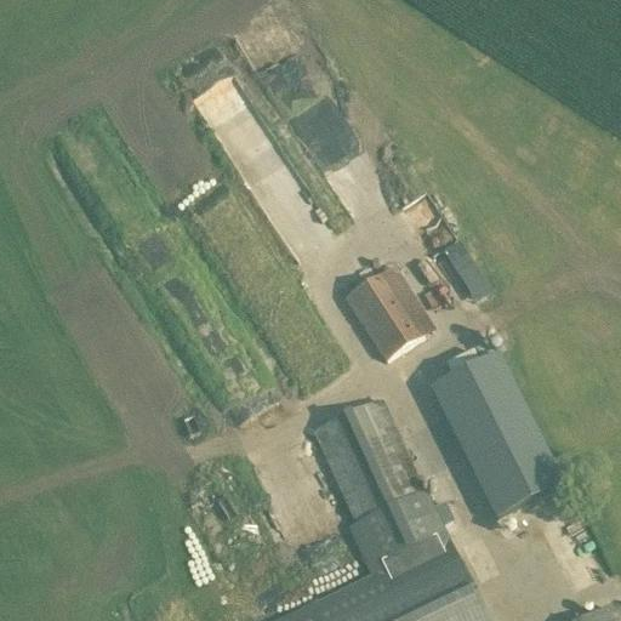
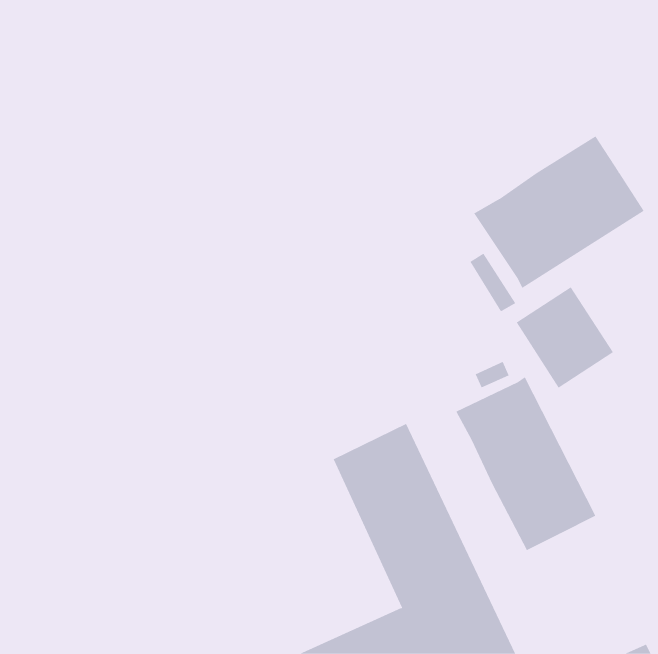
building: none -> [474,135,644,289]
building: [343,264,435,360] -> [516,287,614,388]

